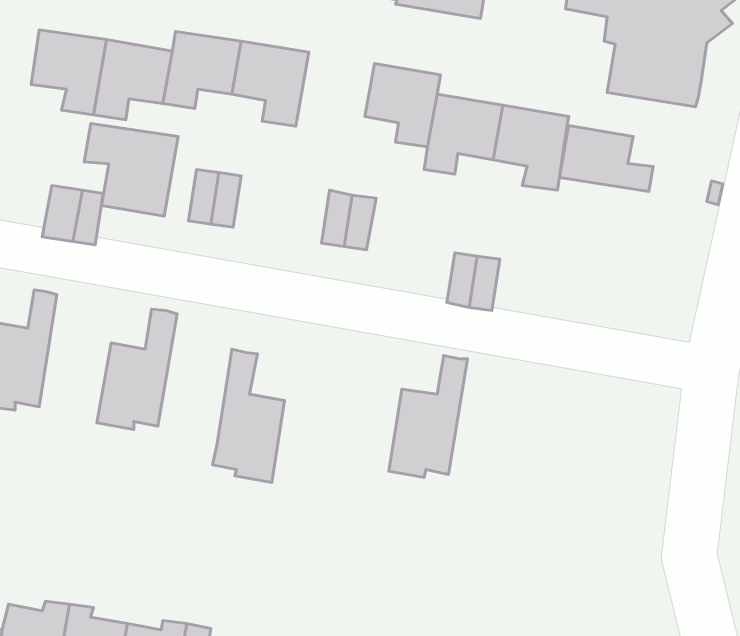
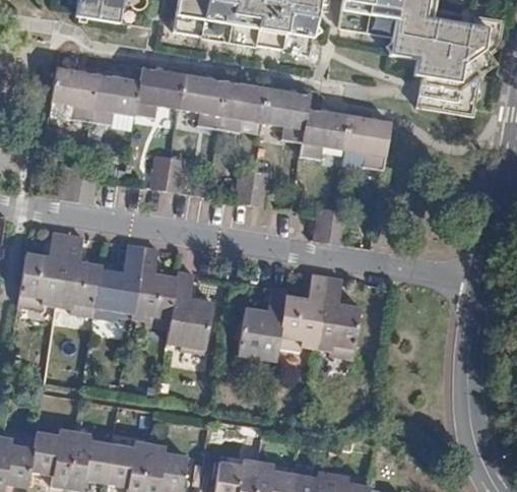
building: none -> [218,81,268,131]
building: [84,124,178,216] -> none
building: [559,125,653,191] -> none
building: none -> [56,235,102,316]
building: none -> [131,247,177,329]
building: none -> [315,275,361,359]
building: none -> [236,285,286,363]

